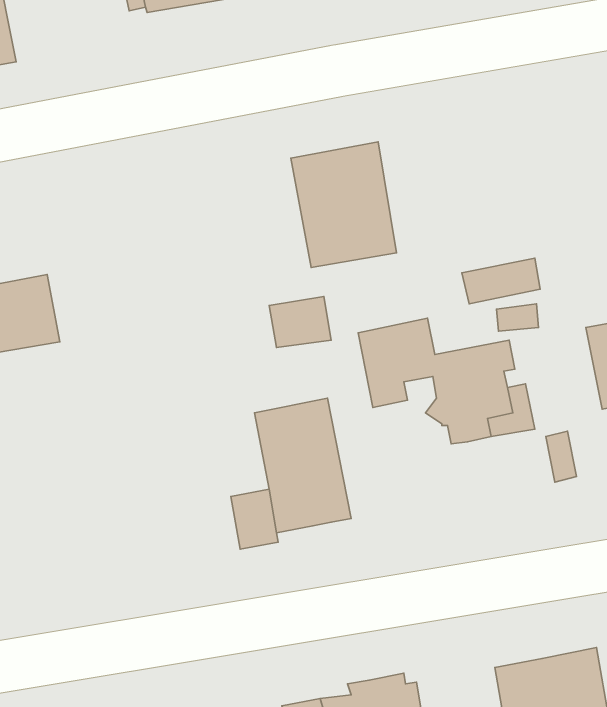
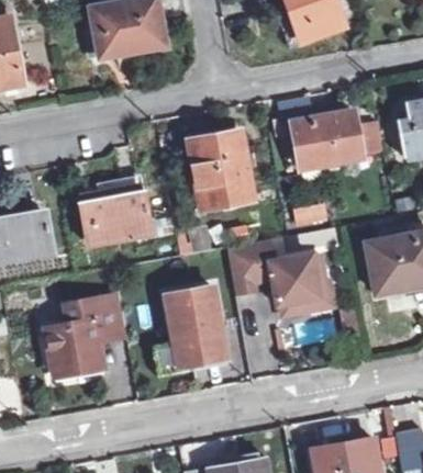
building: none -> [294,111,363,169]
building: none -> [85,182,149,248]
building: none -> [47,295,124,373]

